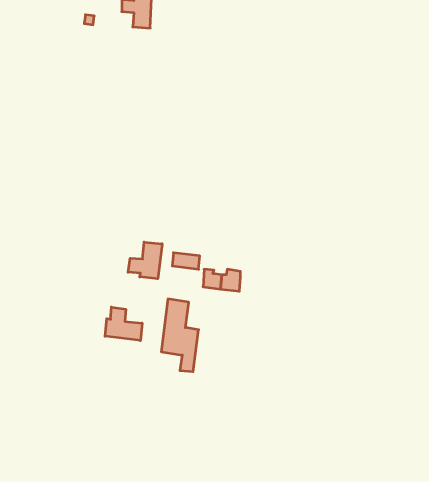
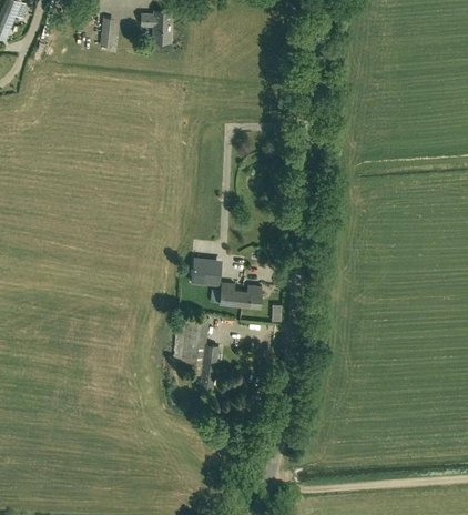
building: [128,242,162,279] -> none
building: [105,307,142,341] -> none

